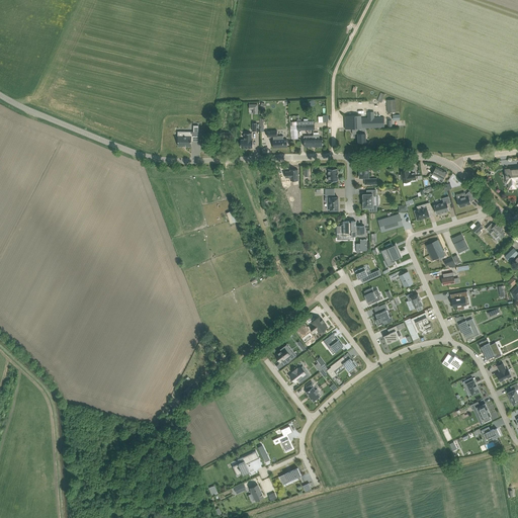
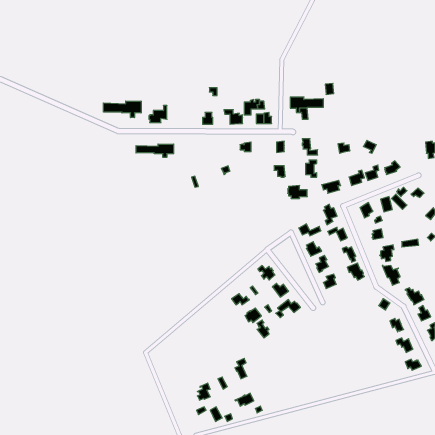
building: none -> [104,101,141,118]
building: none -> [136,144,174,157]

